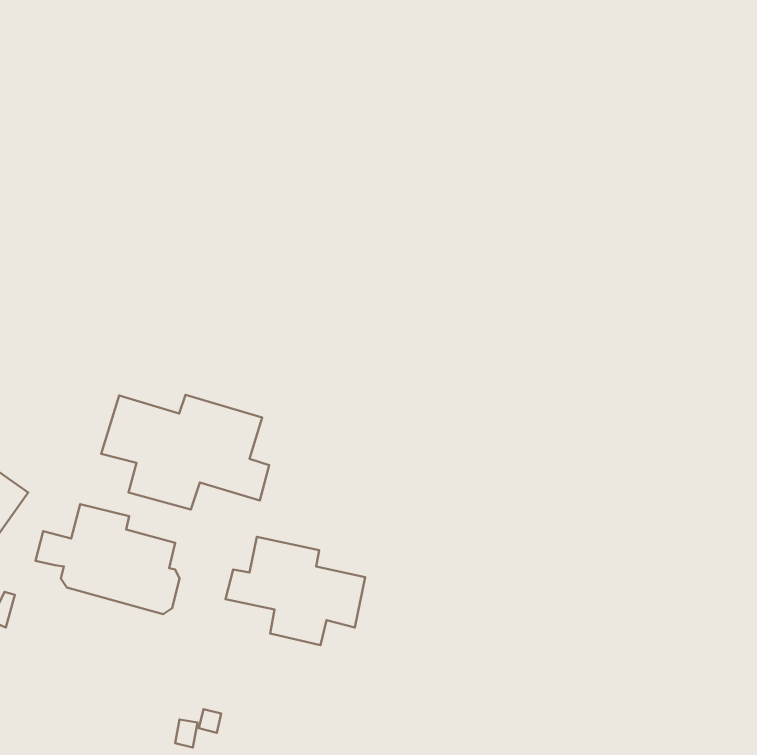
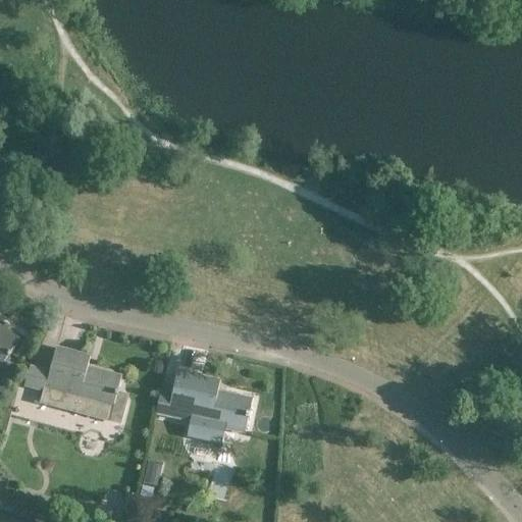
building: [101,395,269,510] -> none

